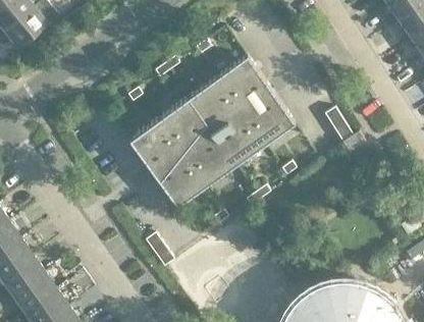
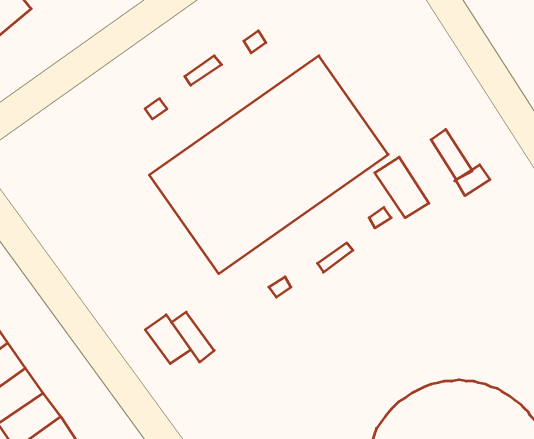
building: none -> [375,157,429,218]
building: none -> [145,315,191,364]

